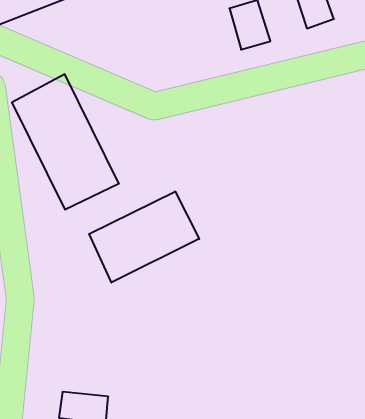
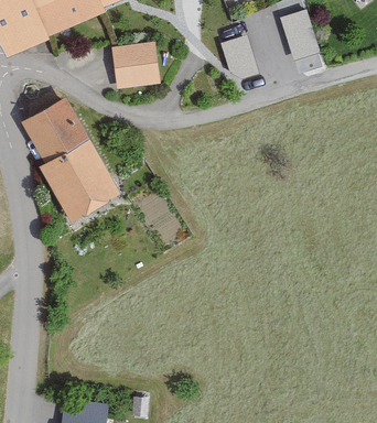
building: none -> [110,43,159,88]
building: [89,191,199,283] -> none

